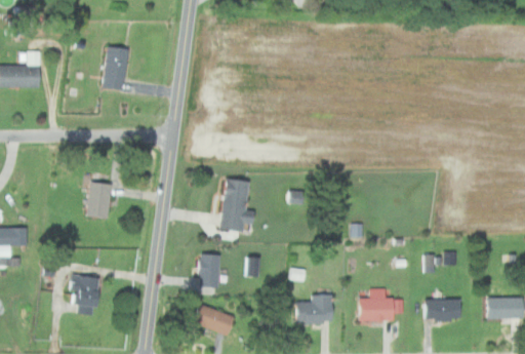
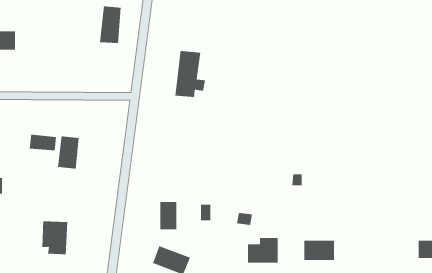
building: [103,46,127,88] -> [99,6,121,44]
building: [220,179,255,231] -> [174,51,206,98]
building: none -> [29,134,56,151]
building: [423,299,461,320] -> none

